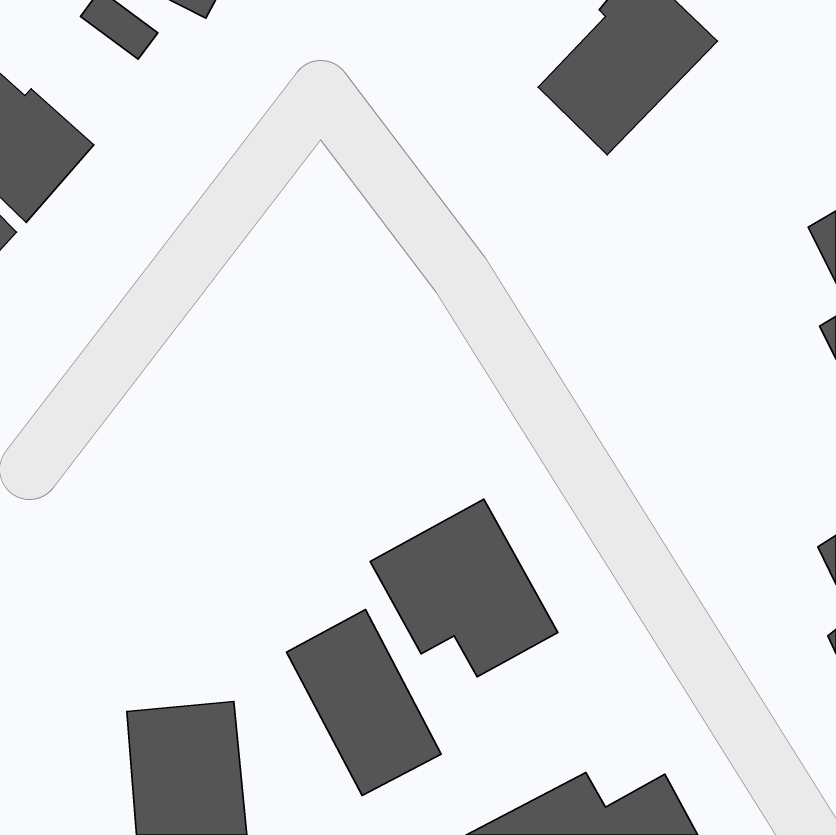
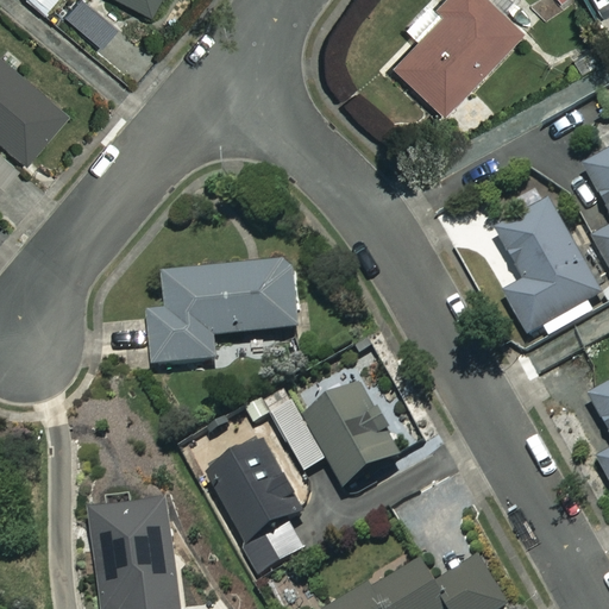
building: none -> [497,188,599,338]
building: none -> [147,264,299,364]

